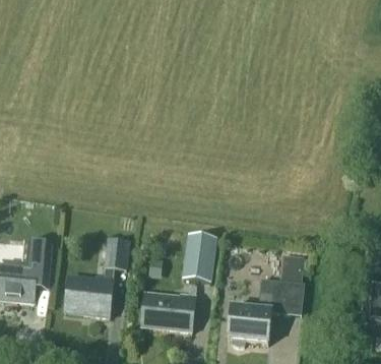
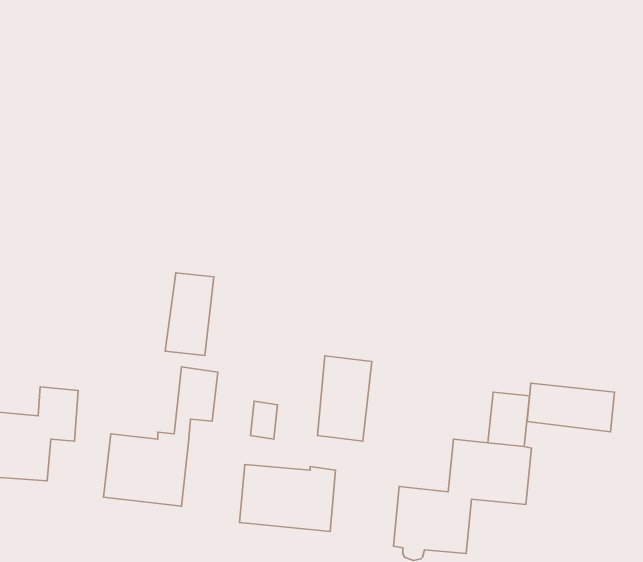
building: none -> [165,273,214,356]
building: none -> [527,383,615,432]

